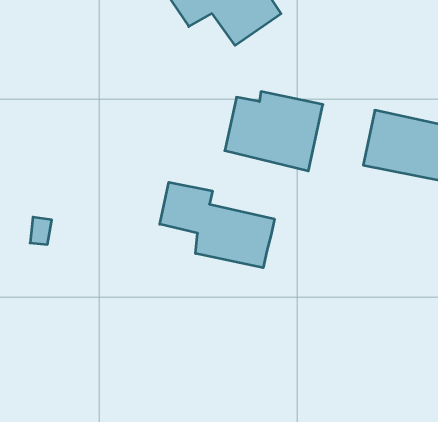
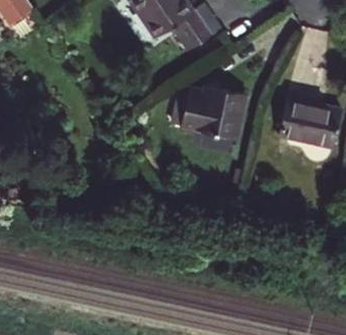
building: [160,182,274,268] -> none

